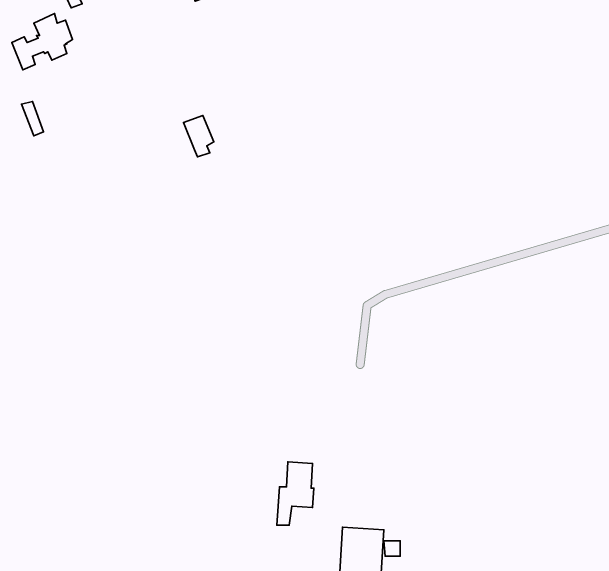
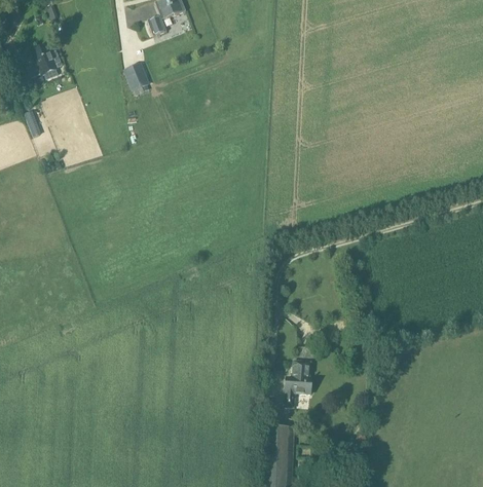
building: [184,116,214,157] -> [125,63,148,93]
building: [277,462,314,525] -> [285,359,312,406]

